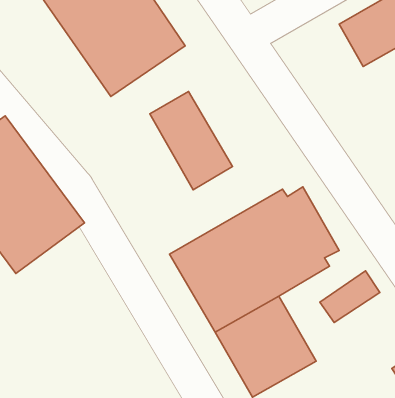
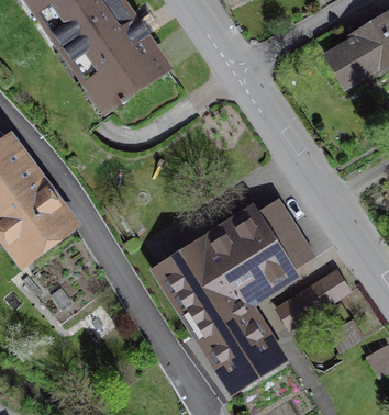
building: [150,91,233,190] -> none

